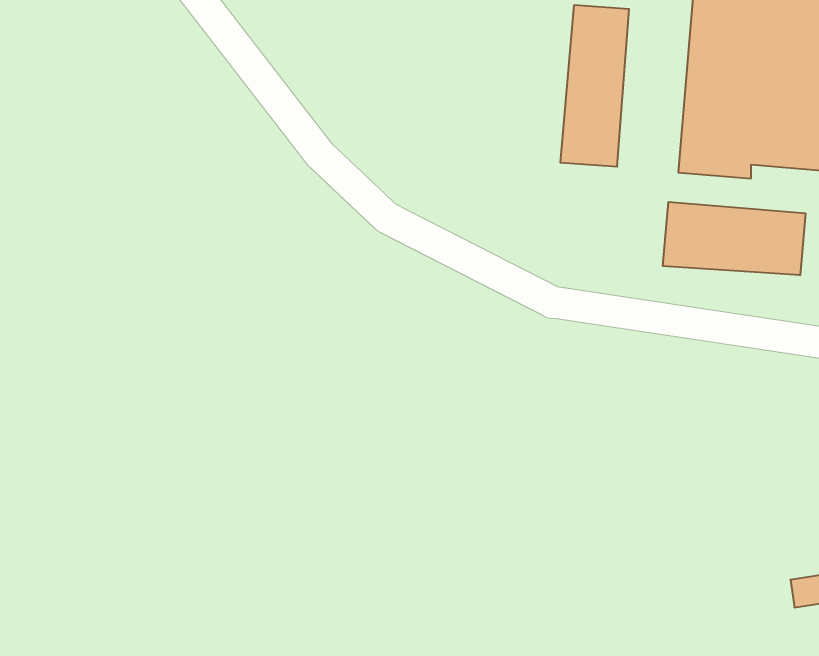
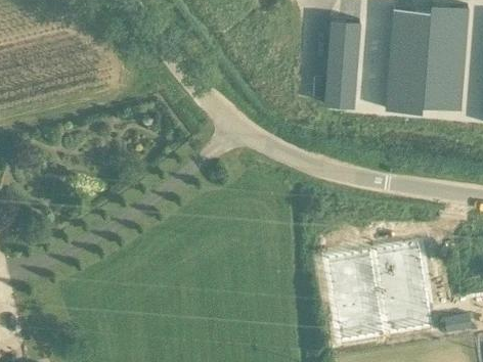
building: [663,202,805,275] -> none

